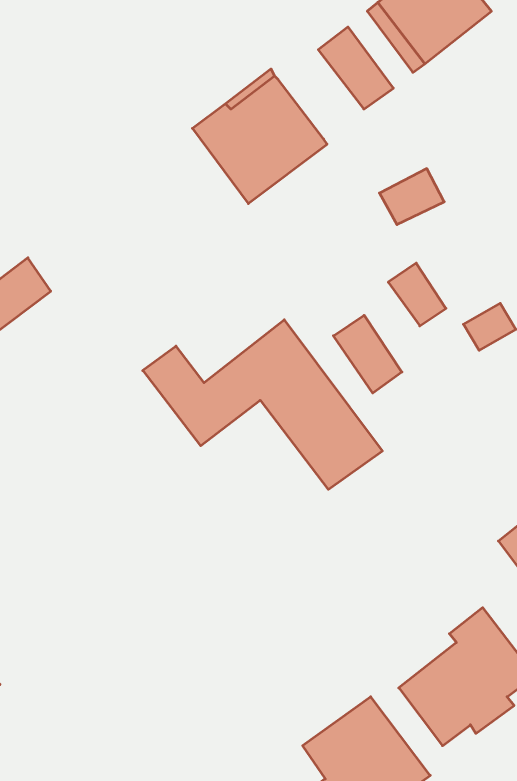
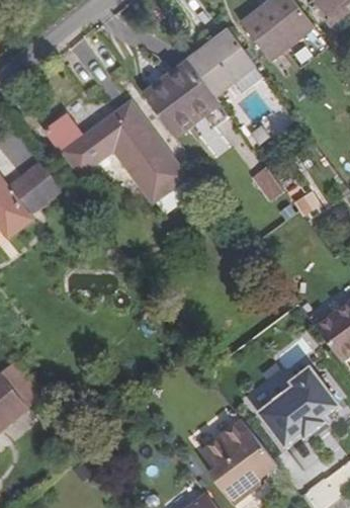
building: none -> [187,43,237,94]
building: [333,315,402,393] -> none
building: [143,320,382,489] -> [48,102,186,200]

